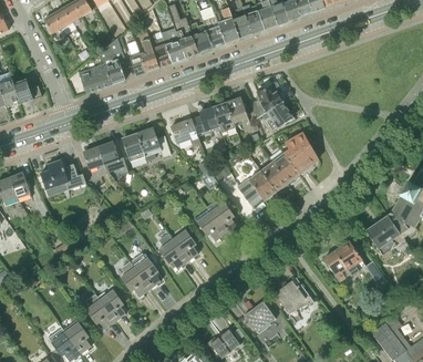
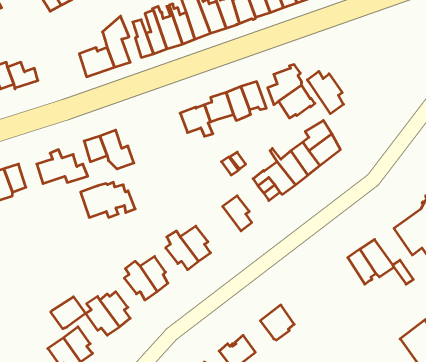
building: none -> [307,71,344,114]
building: [122,130,172,162] -> [81,182,135,217]
building: [195,211,226,241] -> none
building: [272,280,311,310] -> none
building: none -> [51,297,85,329]

